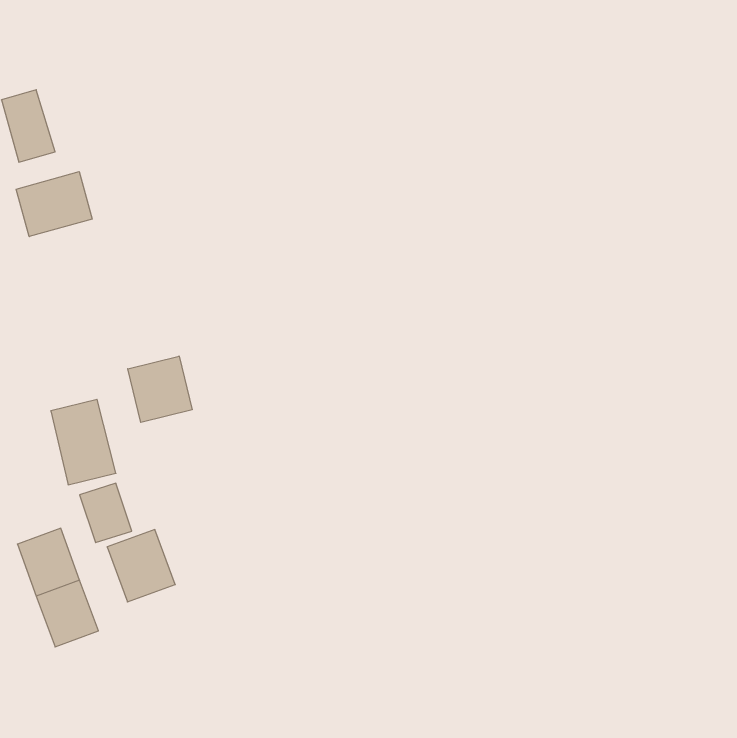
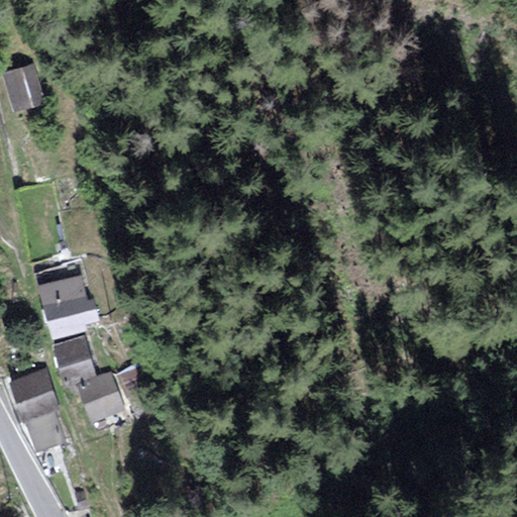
building: [16,172,92,237] -> none
building: [128,356,192,422] -> none

